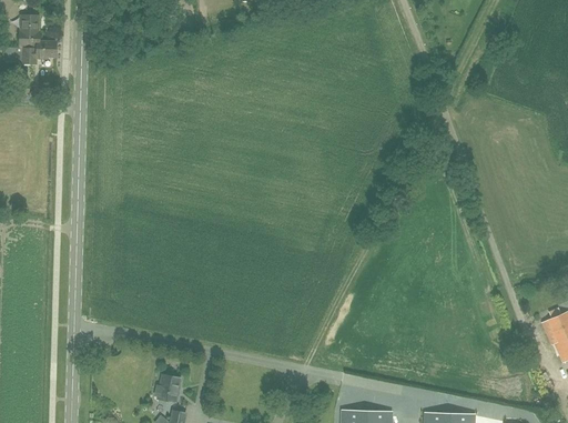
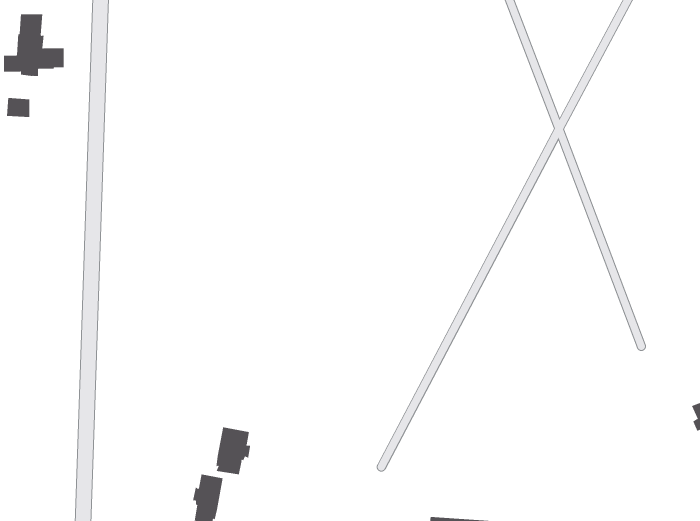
building: none -> [216,426,251,475]

